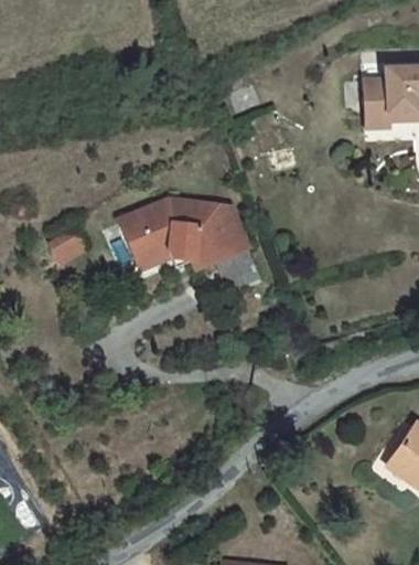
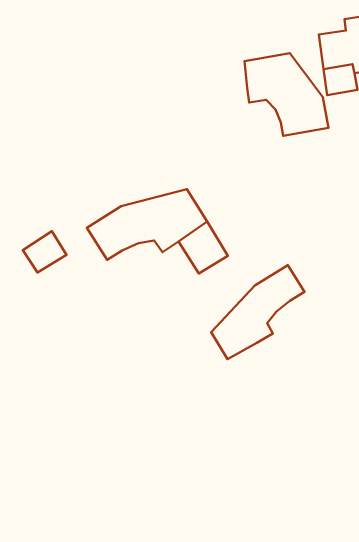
building: none -> [245,53,328,136]
building: none -> [211,265,304,359]

